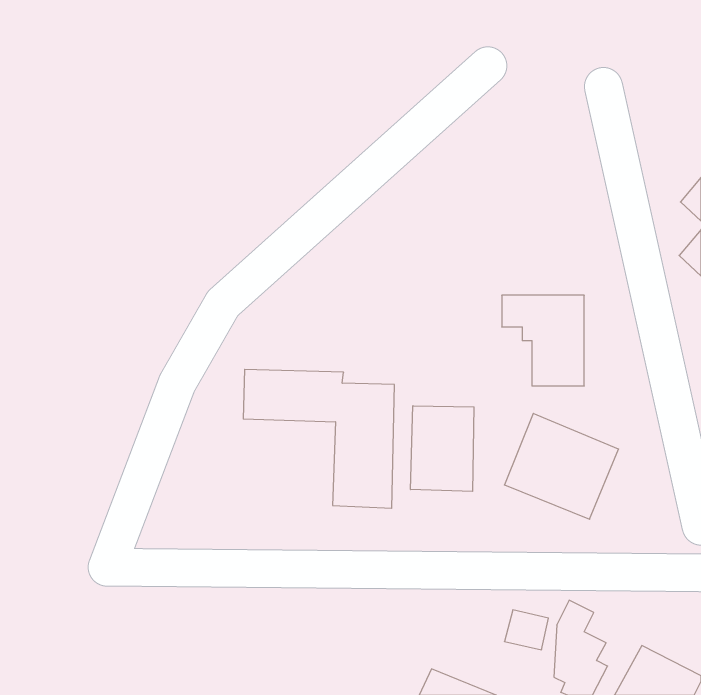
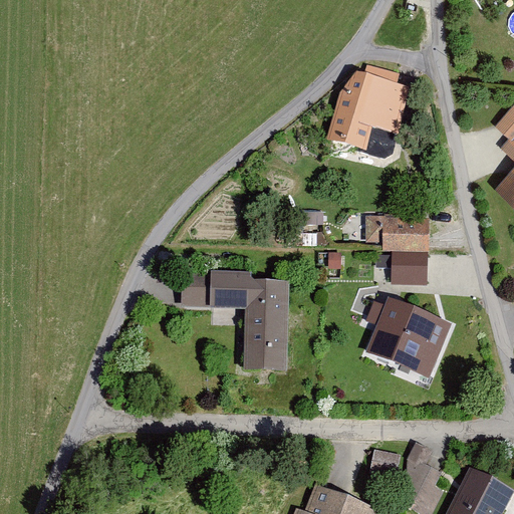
building: none -> [328,63,413,153]
building: [411,406,474,491] -> none

